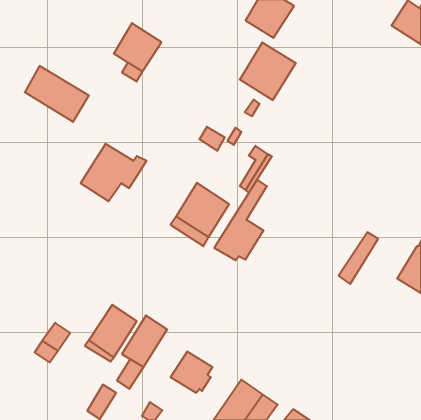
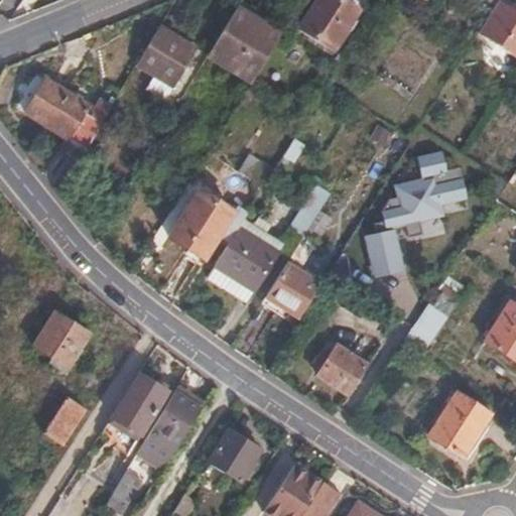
building: [240,43,296,100] -> [213,11,281,82]
building: none -> [367,153,467,273]
building: [81,144,147,201] -> [169,188,250,259]
building: none -> [34,309,91,371]
building: none -> [315,344,367,392]
building: none -> [429,391,491,455]

